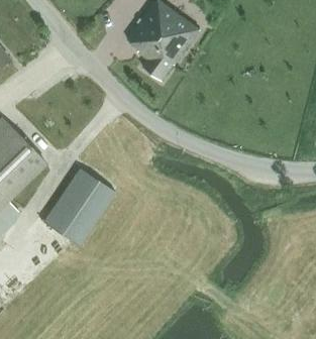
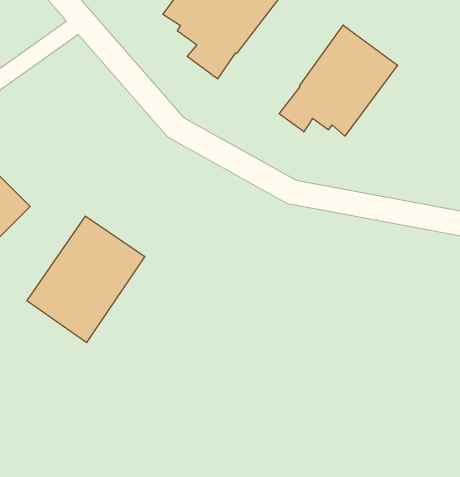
building: none -> [279,25,398,136]

